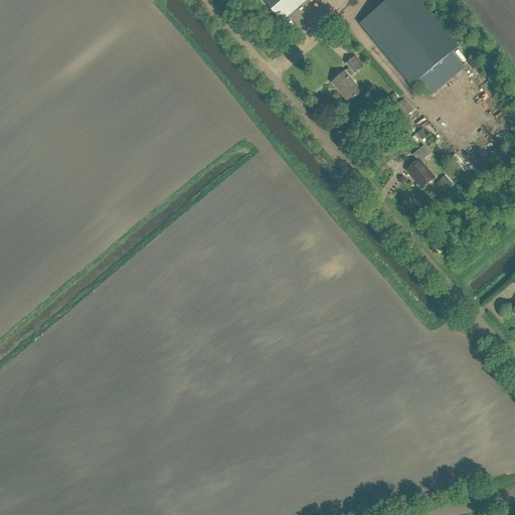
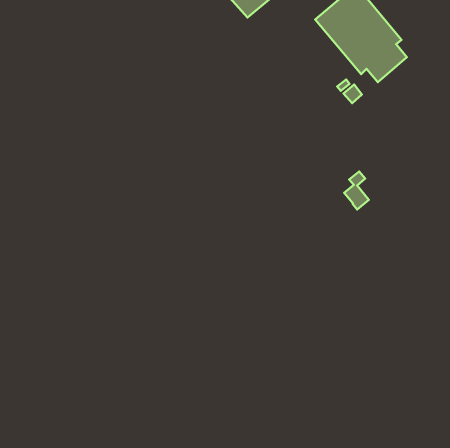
building: [332,54,364,101] -> none
building: [406,143,435,186] -> [344,172,369,209]

